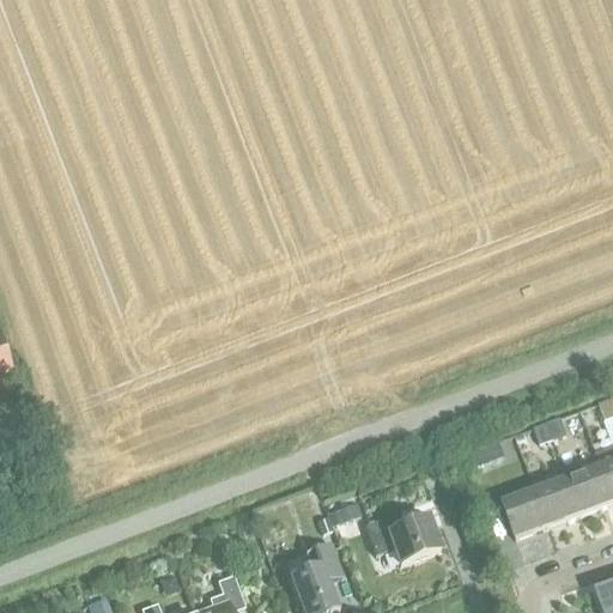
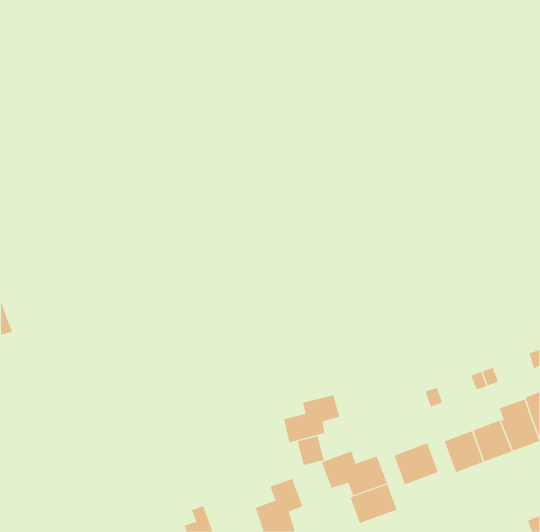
building: none -> [284,394,340,443]
building: none -> [394,443,439,485]
building: none -> [350,483,397,524]

